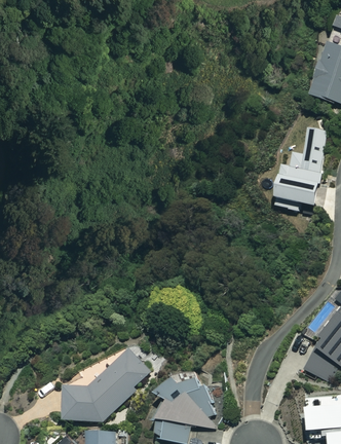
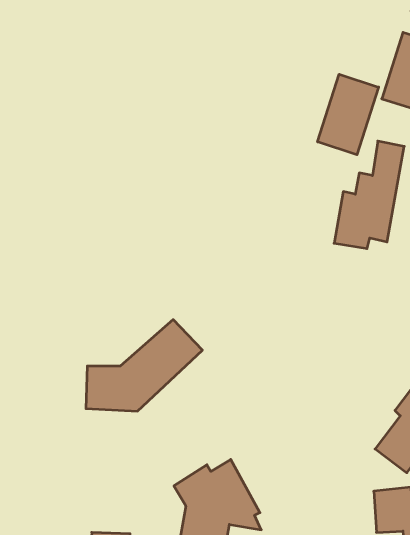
building: none -> [318,74,379,155]
building: [63,349,153,420] -> [86,320,202,411]

